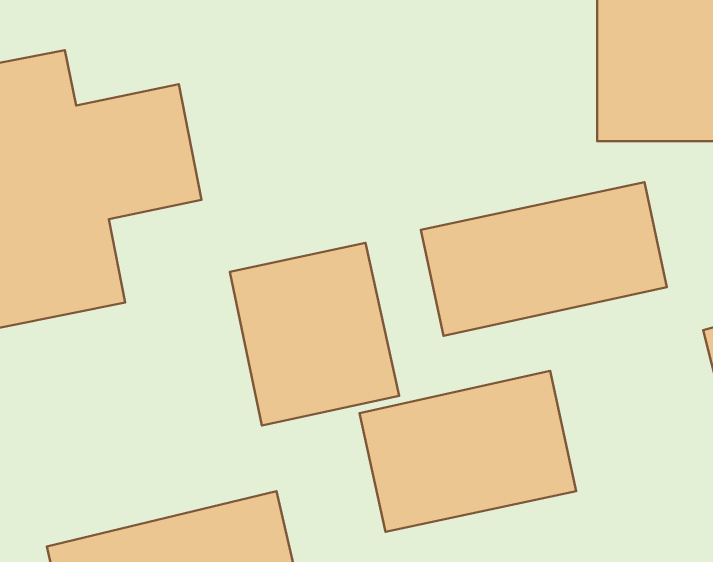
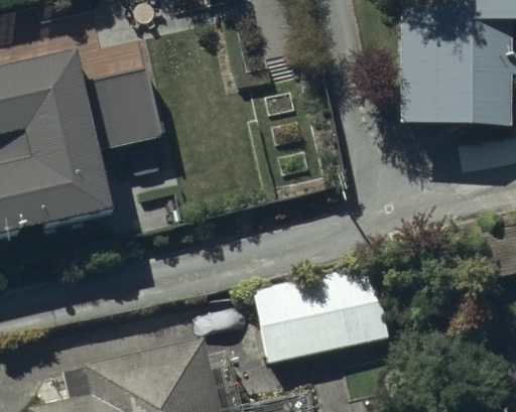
building: [421,182,667,336] -> none
building: [230,243,399,426] -> none

